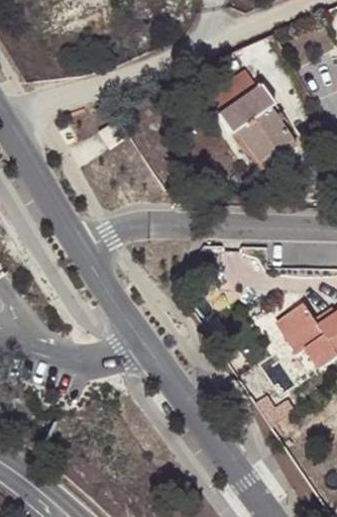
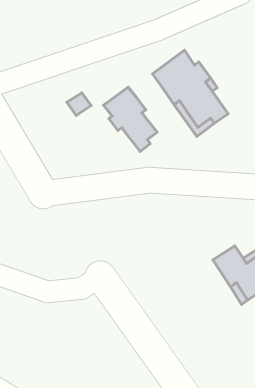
building: none -> [103,87,157,152]

